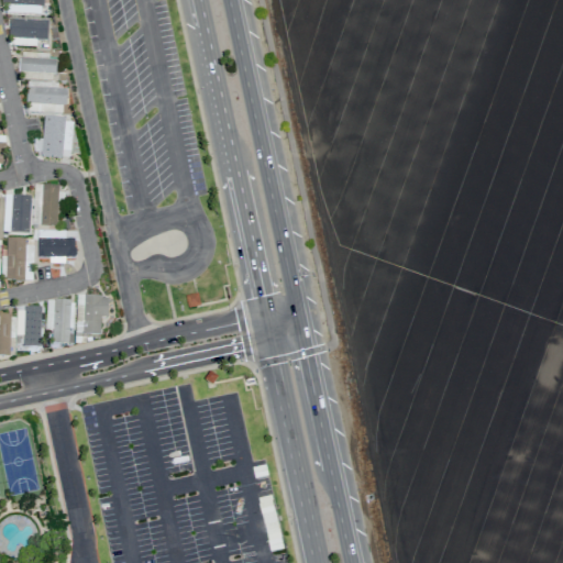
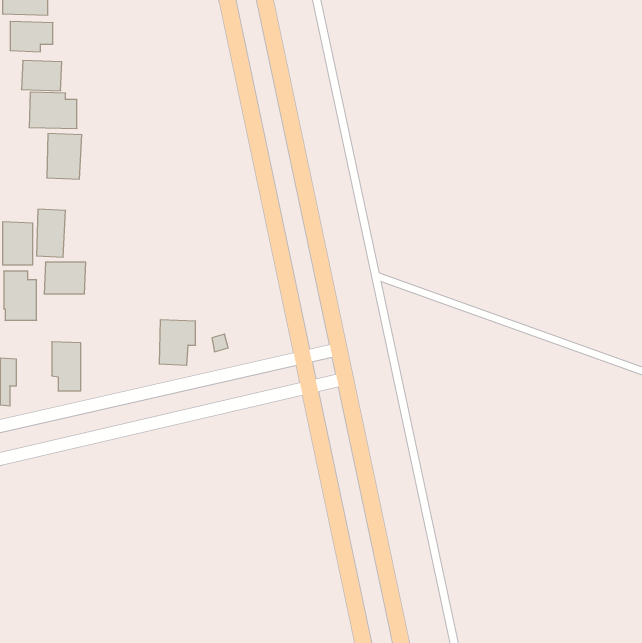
building: [77,294,109,333] -> [159,320,196,365]
building: [24,305,42,345] -> none

